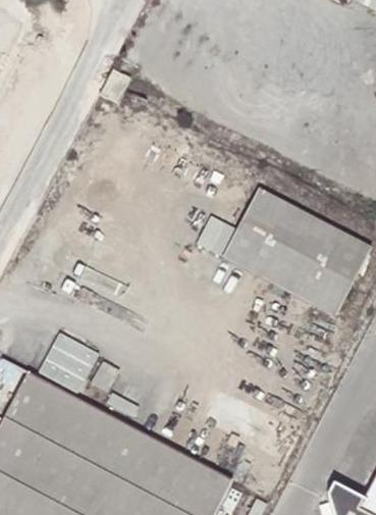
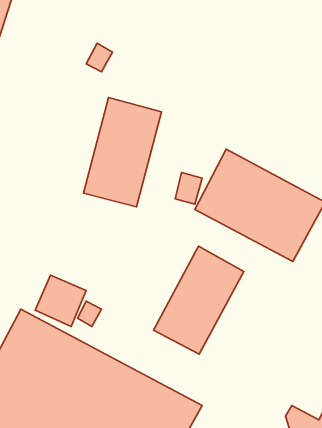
building: none -> [83,97,162,207]
building: none -> [153,246,244,354]

